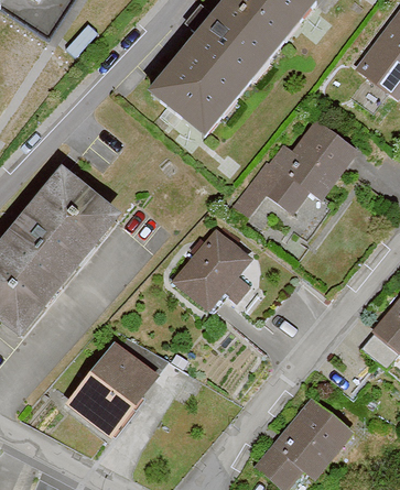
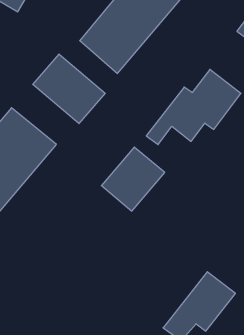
building: none -> [33,54,105,124]
building: [65,340,160,440] -> none

